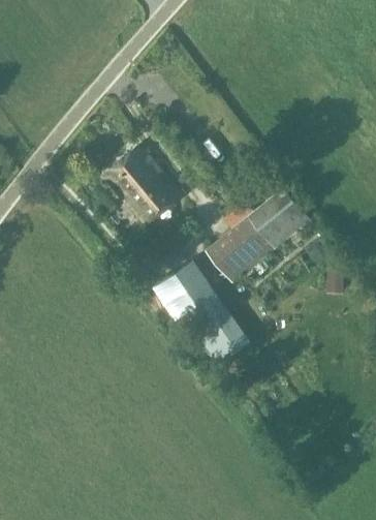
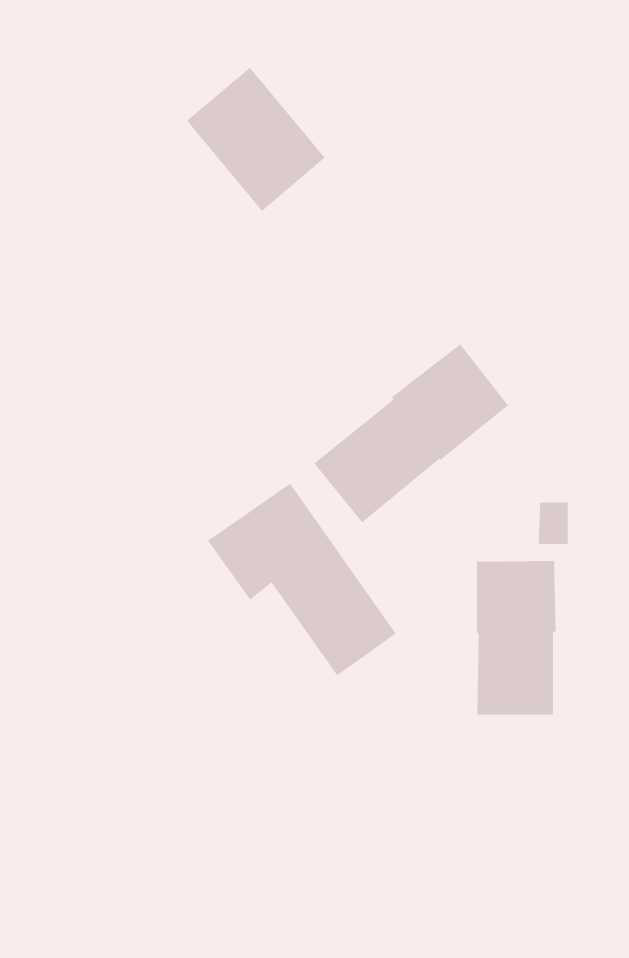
building: [103,146,178,223] -> [186,67,325,212]
building: none -> [477,560,556,716]

